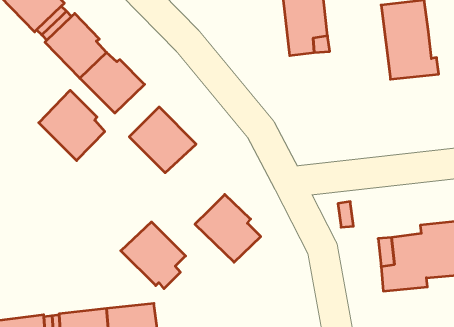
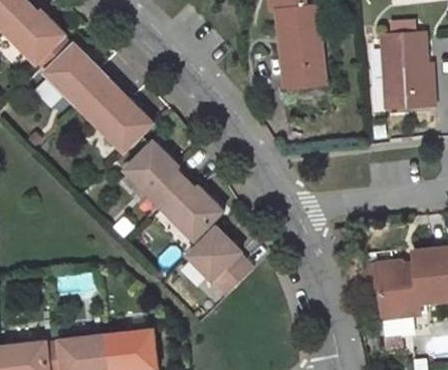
building: [39,90,105,161] -> none
building: [121,222,186,289] -> [164,173,227,239]

